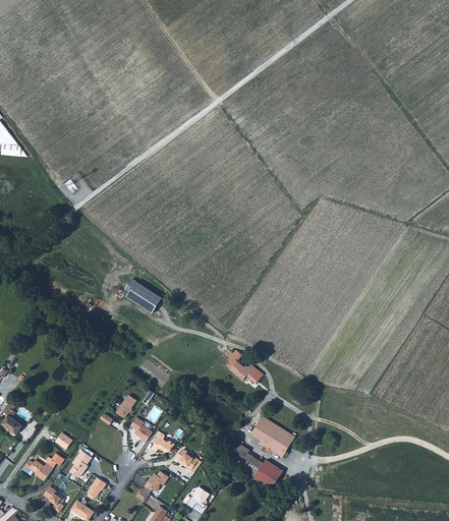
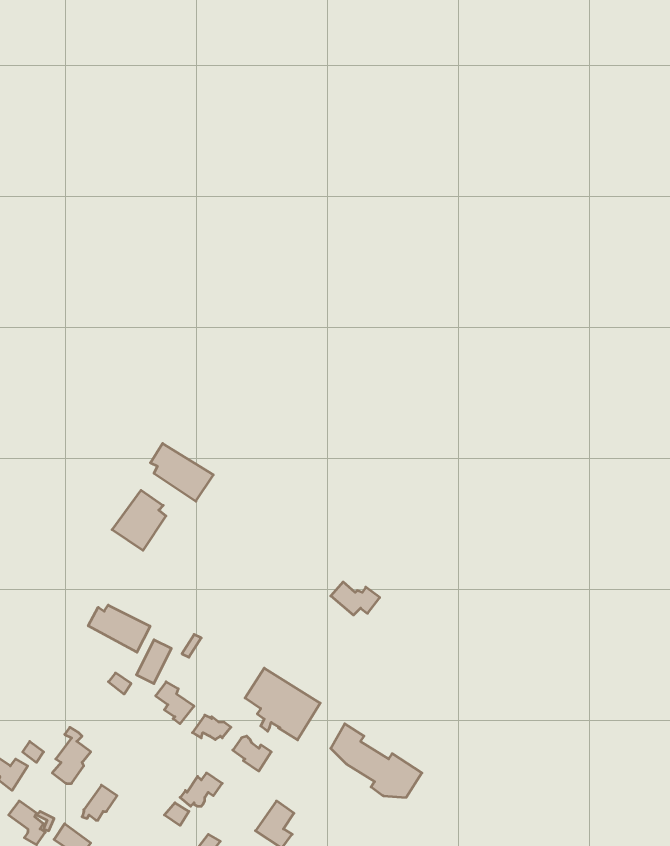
building: none -> [112,490,166,550]
building: none -> [88,605,150,652]
building: [251,416,295,458] -> [245,668,320,740]

